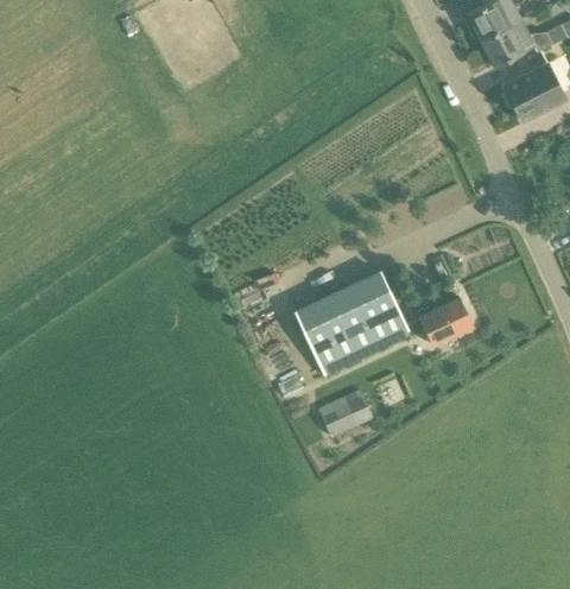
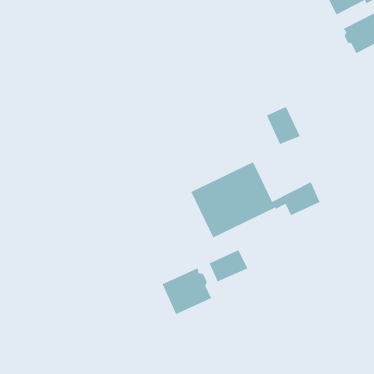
building: none -> [266,106,300,145]
building: none -> [162,268,212,315]

